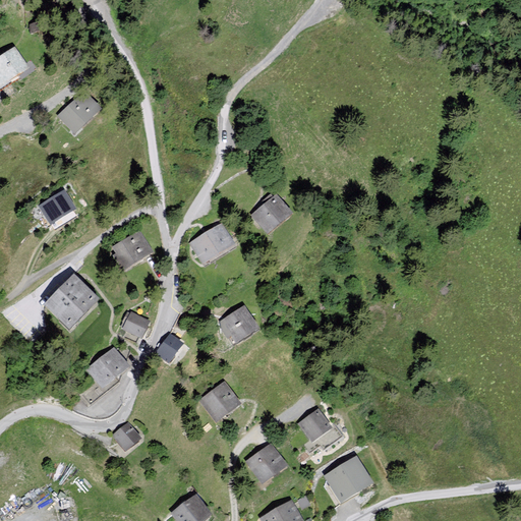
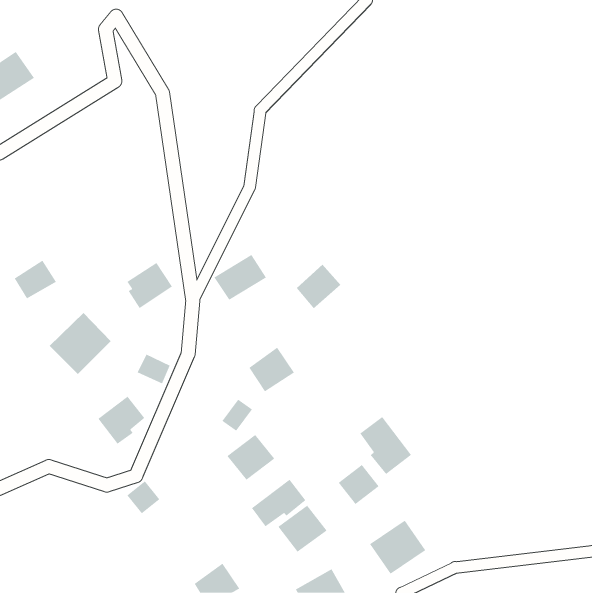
building: [57,92,99,134] -> none
building: [38,189,75,224] -> [14,260,57,299]
building: [250,194,290,234] -> [296,264,341,309]
building: [156,334,183,362] -> [222,399,253,431]
building: none -> [359,416,412,475]
building: none -> [251,479,306,527]

